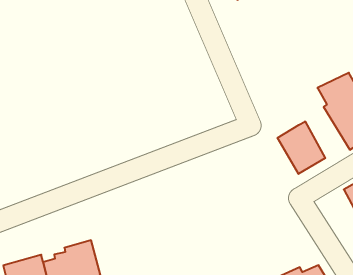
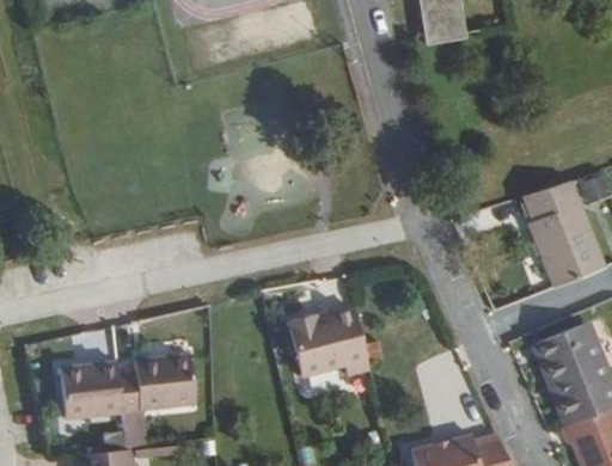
building: [278,121,325,174] -> none
building: none -> [284,308,363,374]

